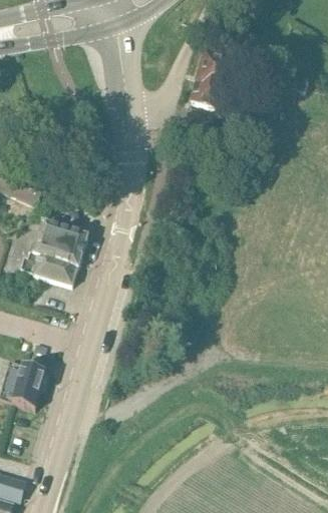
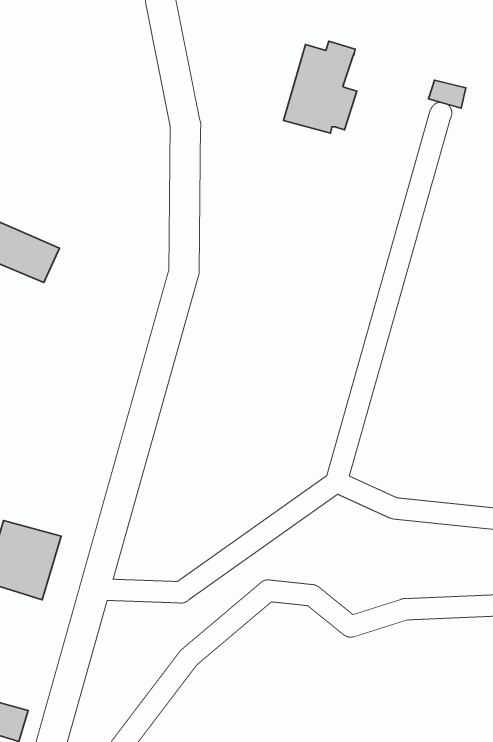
building: [20,221,86,286] -> none

